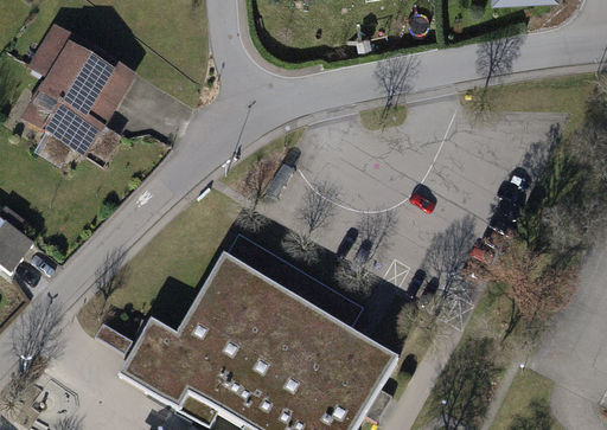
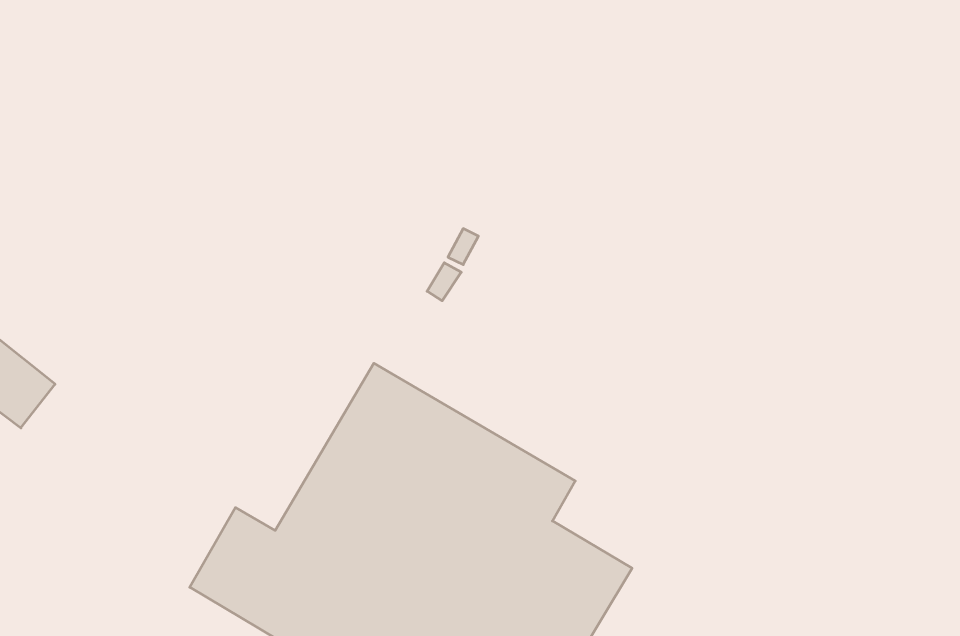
building: [30,27,139,155] -> none

